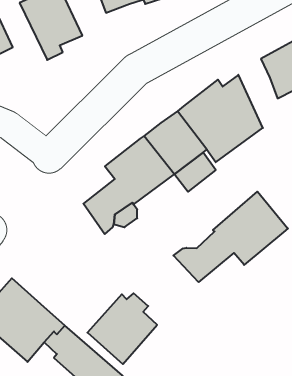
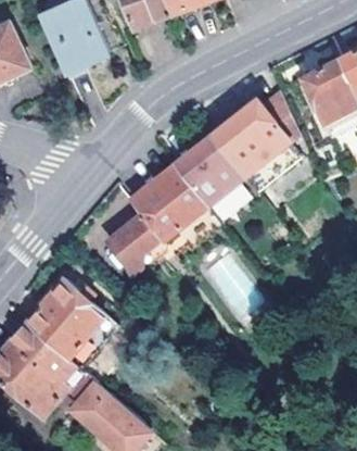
building: [173,192,288,282] -> none
building: [87,293,157,364] -> [26,278,103,356]

